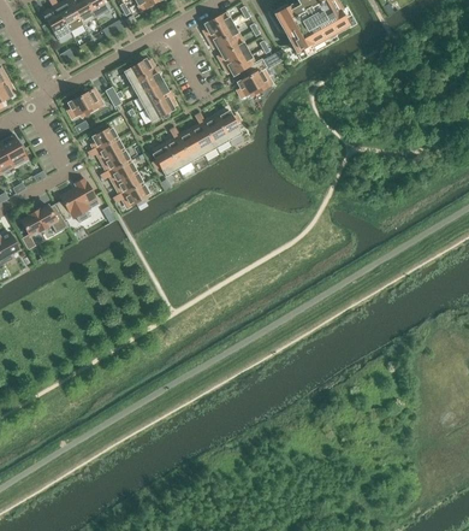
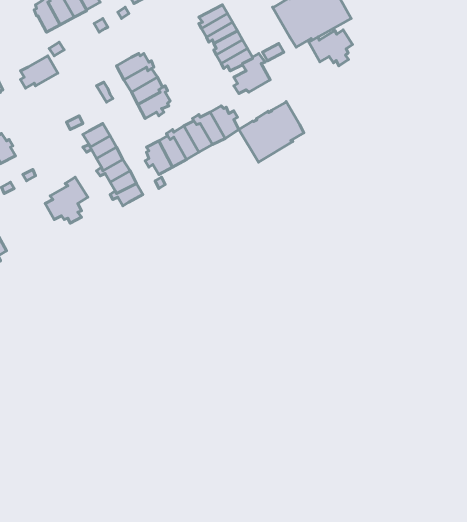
building: none -> [309,30,353,66]
building: [67,88,103,119] -> [20,56,58,88]
building: none -> [239,101,304,162]
building: [20,203,69,236] -> none

